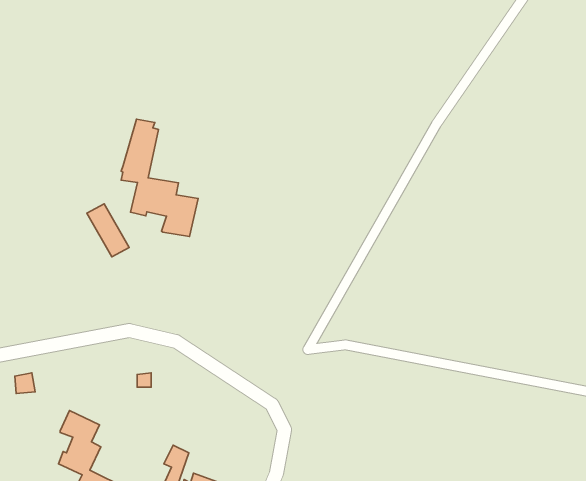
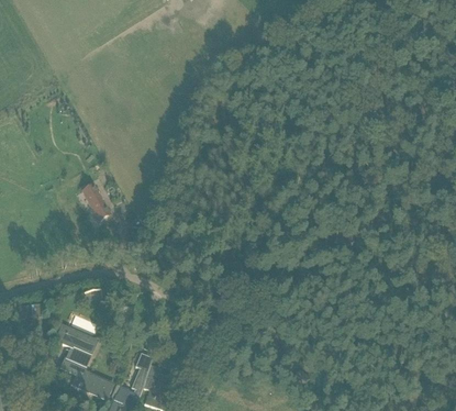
building: [121,119,198,236] -> none

